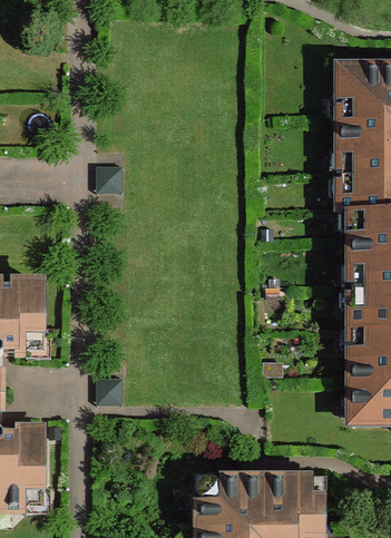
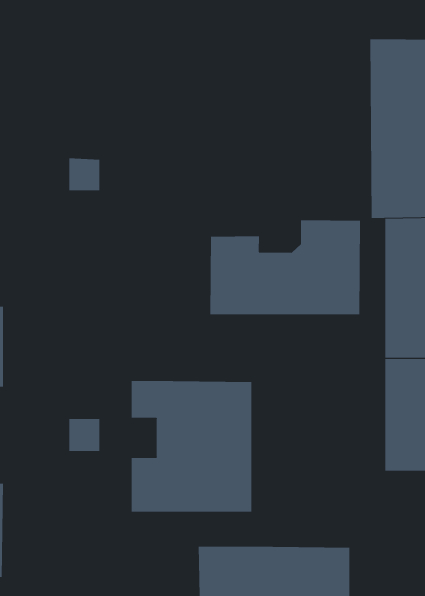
building: none -> [210,220,361,315]
building: none -> [131,380,252,512]

